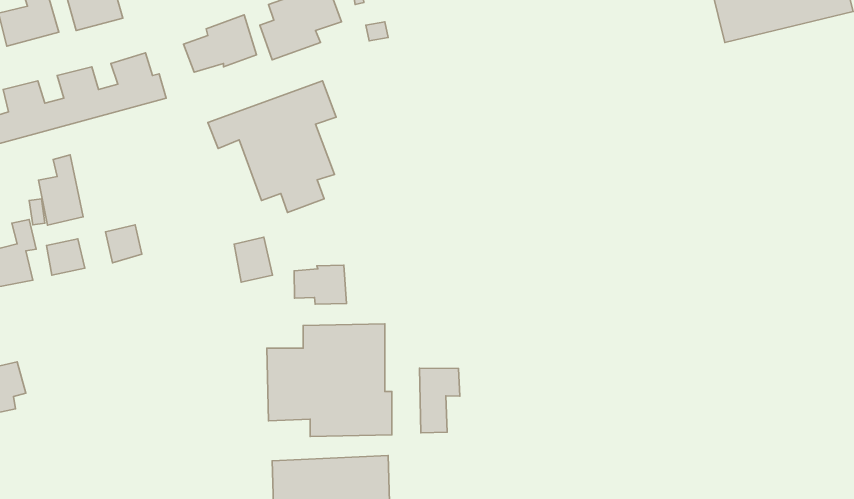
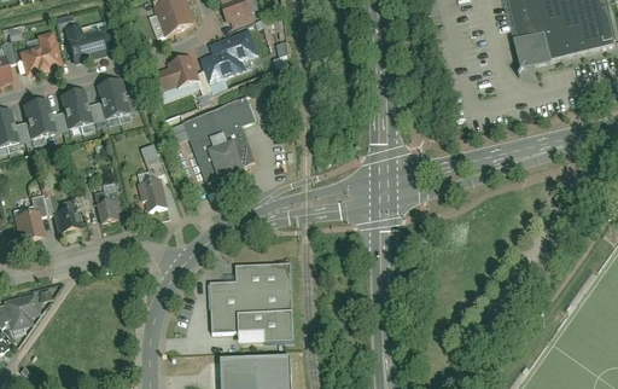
building: [38,155,83,225] -> none
building: [234,237,272,282] -> [140,178,167,209]
building: [294,265,346,304] -> none
building: [419,368,460,433] -> none

